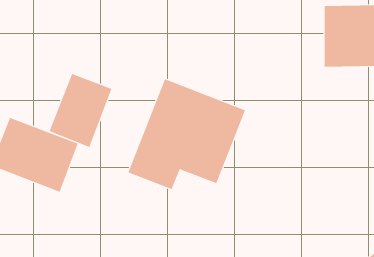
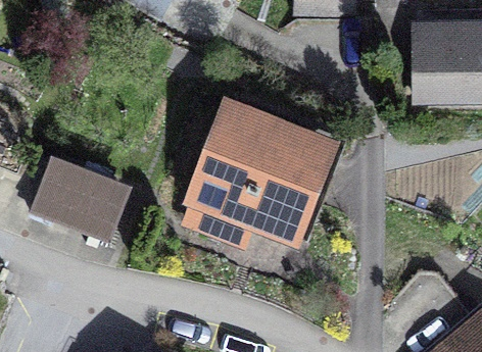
building: none -> [231,98,345,241]
building: [49,73,112,148] -> none

